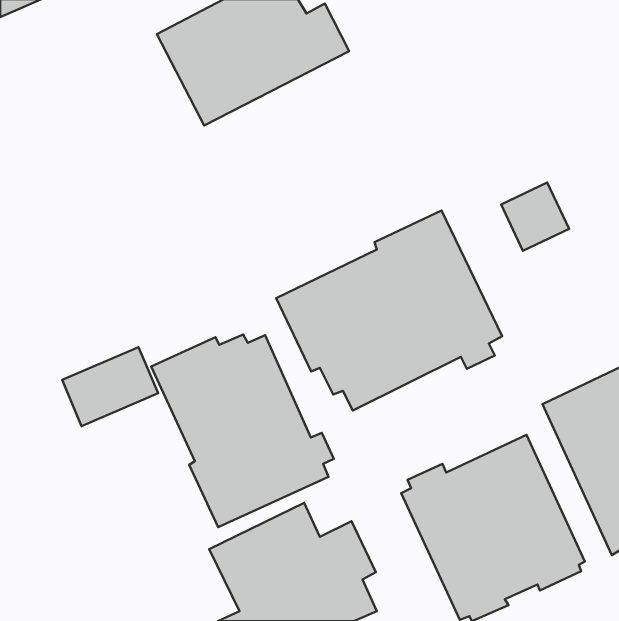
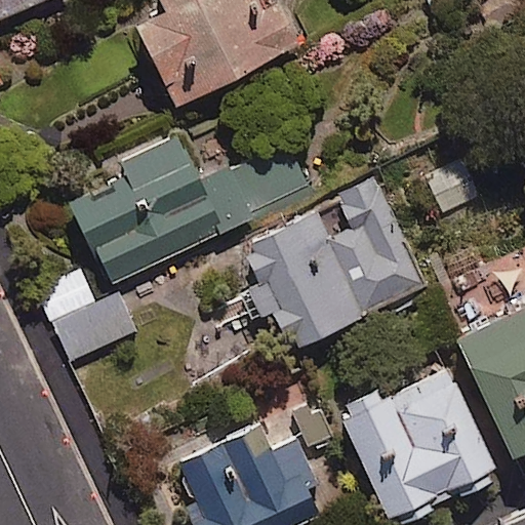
building: none -> [68,135,314,284]
building: [151,334,334,527] -> none

